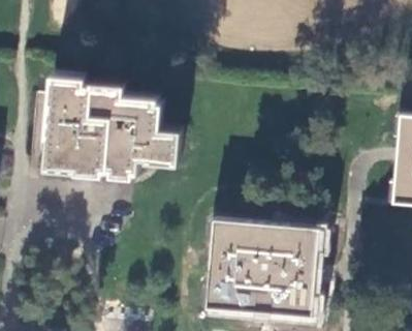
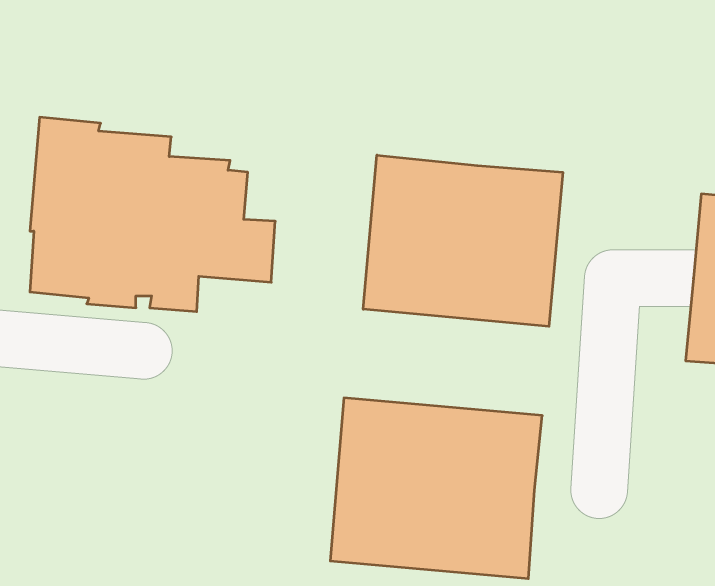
building: none -> [363,155,563,326]

